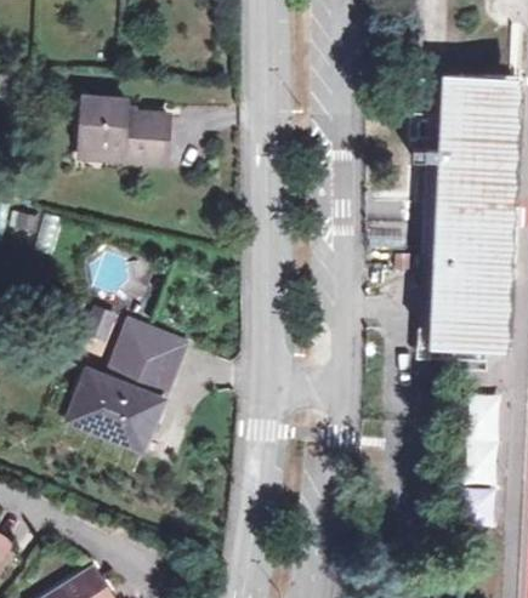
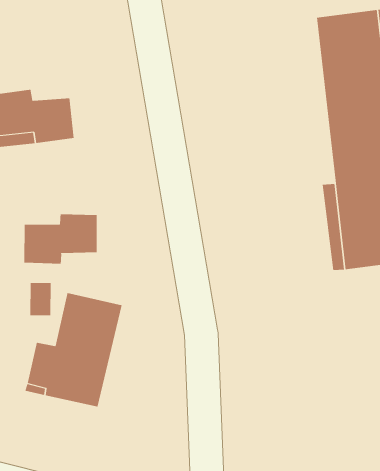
building: none -> [24,213,97,264]

